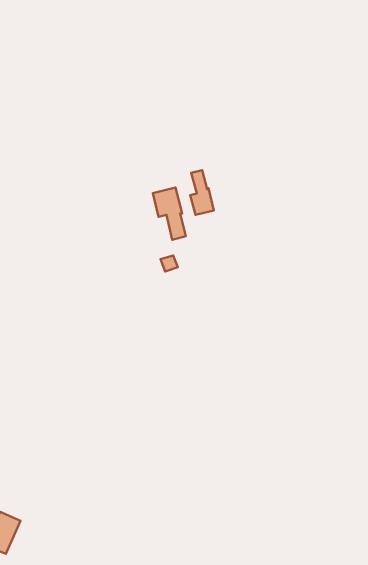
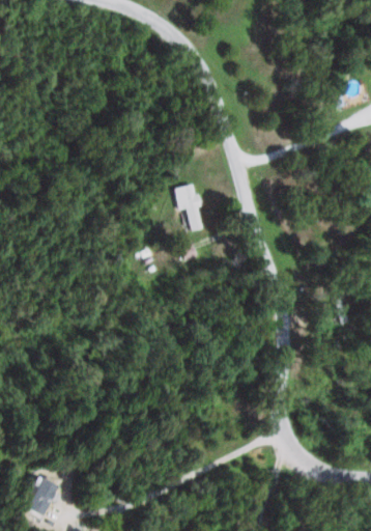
building: [190,170,214,215] -> none

